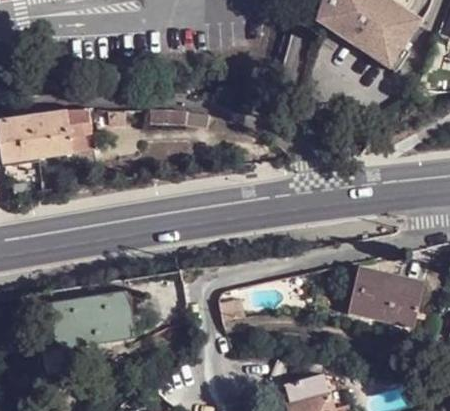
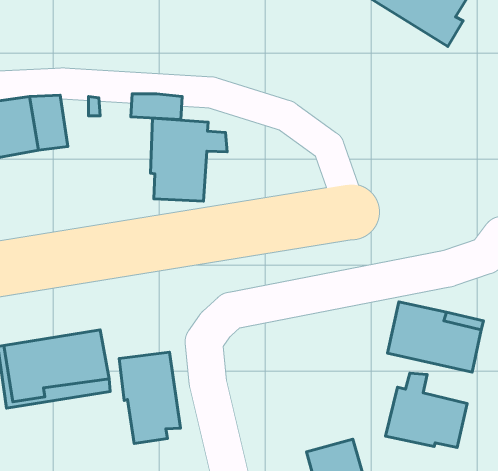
building: none -> [151,118,227,201]
building: none -> [119,352,181,443]
building: none -> [385,373,467,447]

